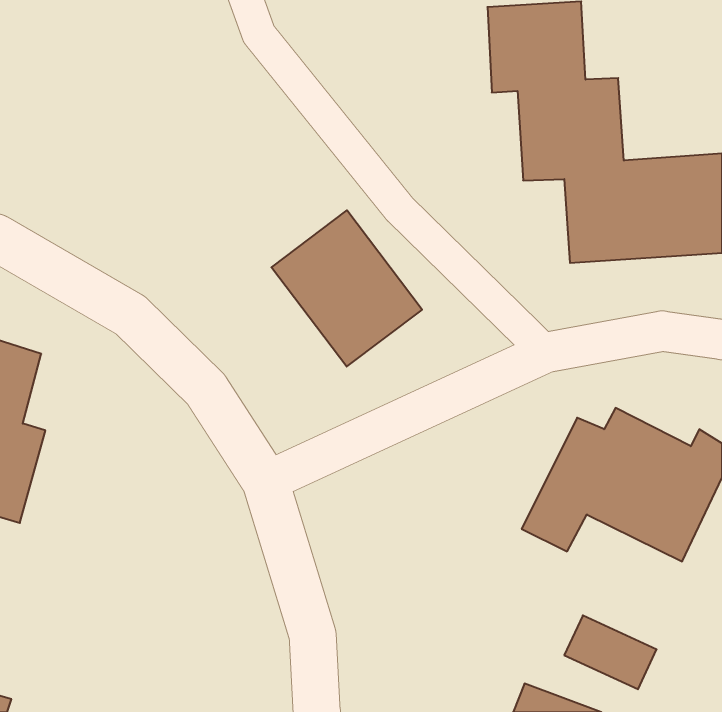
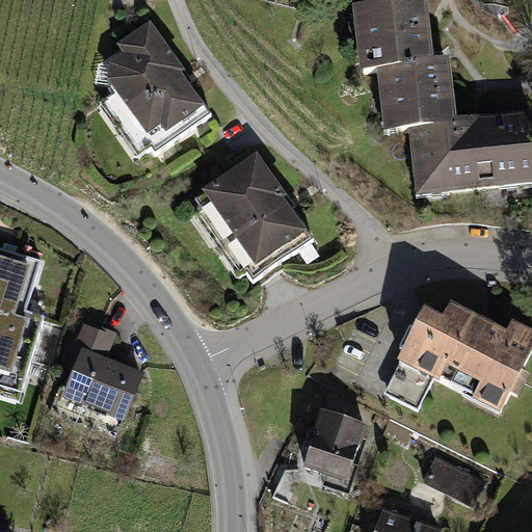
building: none -> [96,26,205,144]
building: none -> [57,318,147,416]
building: none -> [304,408,370,480]

